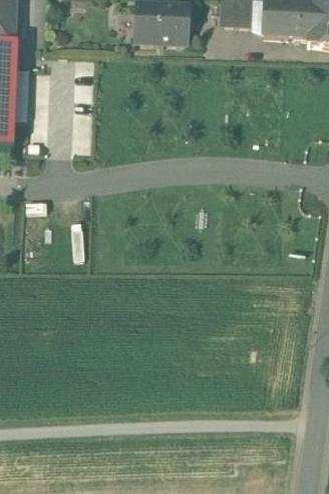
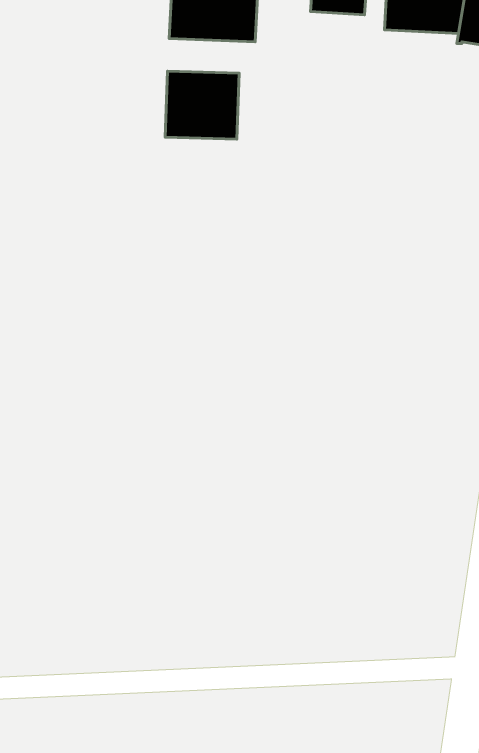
building: none -> [165,71,239,139]

